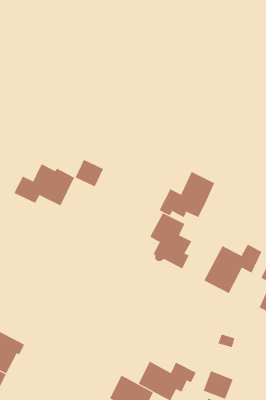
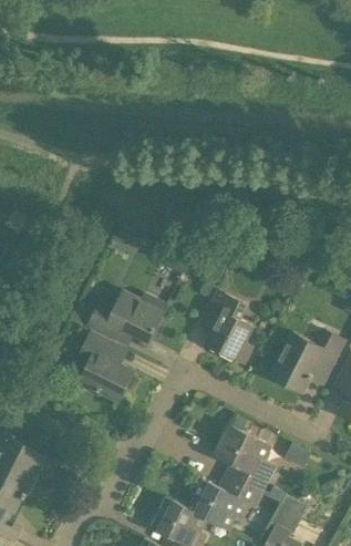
building: [14,163,75,206] -> [86,289,164,343]
building: [159,171,215,218] -> none
building: none -> [76,334,132,402]
building: none -> [213,425,272,494]

